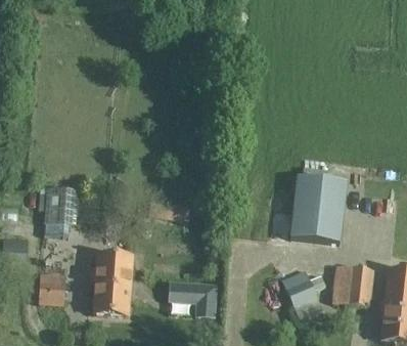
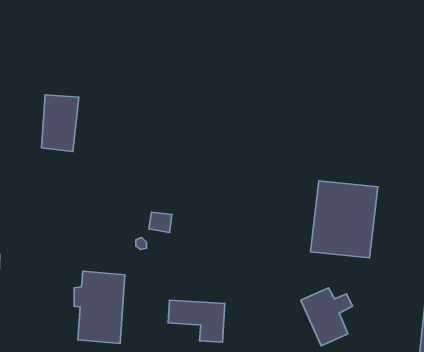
building: [42,186,74,234] -> [41,95,79,151]
building: [331,265,372,305] -> none
building: [38,271,64,303] -> none

